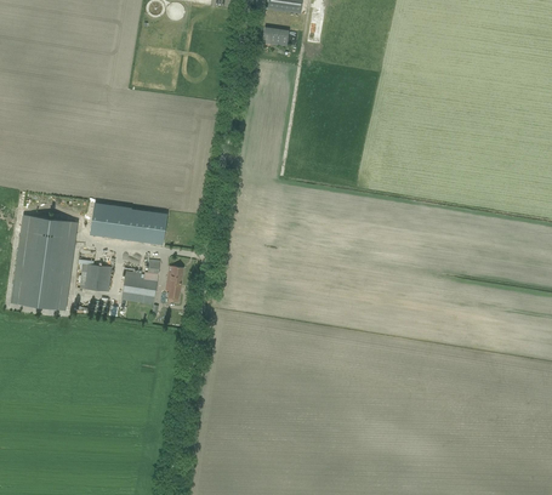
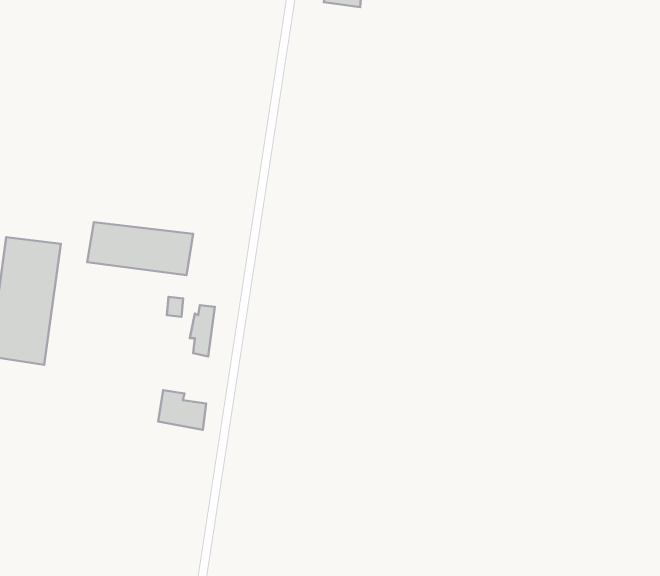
building: [80,263,112,291] -> none
building: [123,271,158,300] -> [158,390,206,430]

